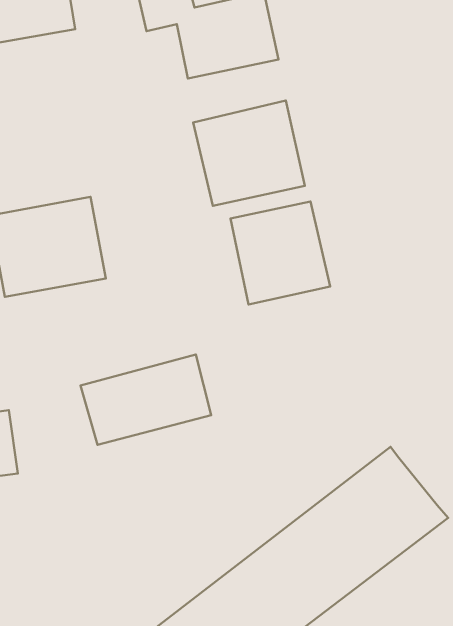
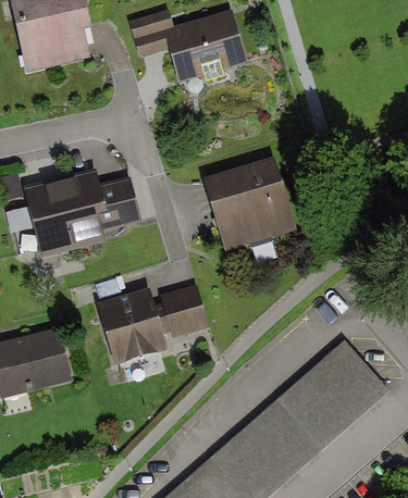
building: [193,100,305,206] -> none

